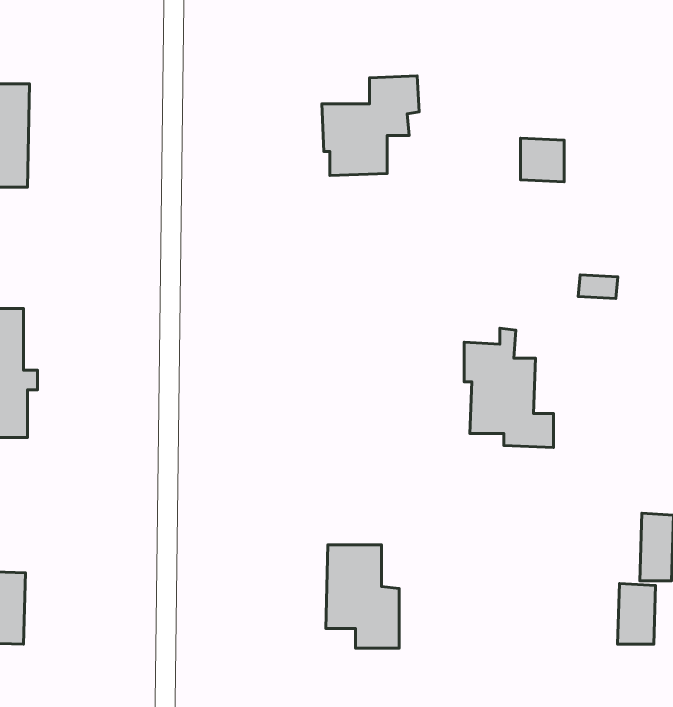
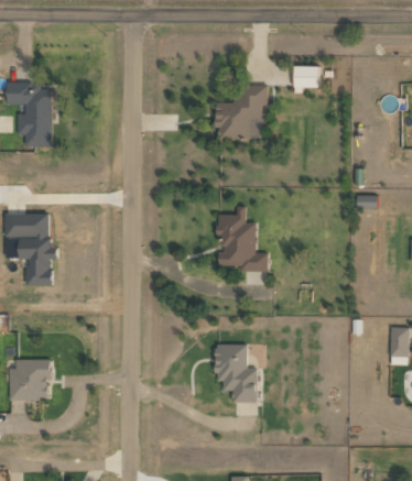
building: [520,138,564,182] -> [294,65,318,89]
building: [464,328,553,447] -> [217,206,267,272]
building: [618,583,655,644] -> none

